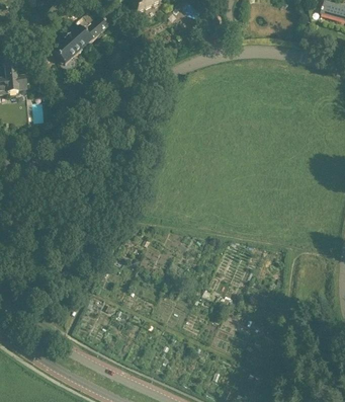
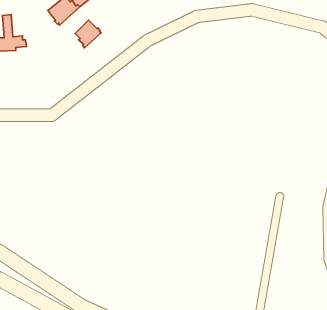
building: none -> [75,20,101,48]

